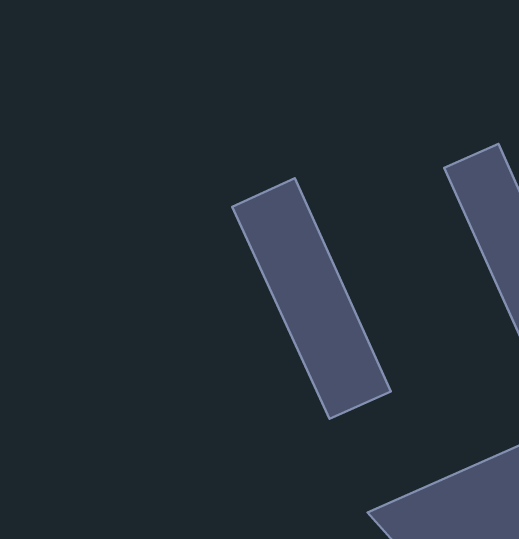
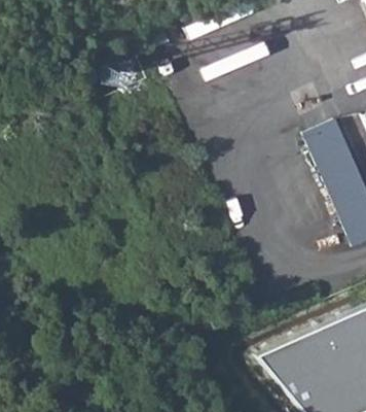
building: [232,178,391,419] -> none

